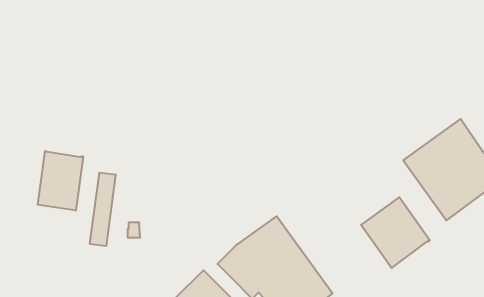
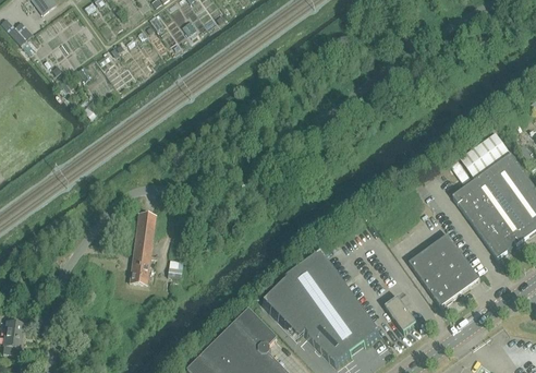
building: [38,151,83,211] -> none
building: none -> [385,297,416,332]

